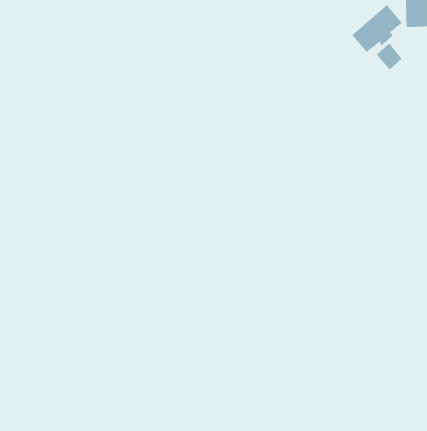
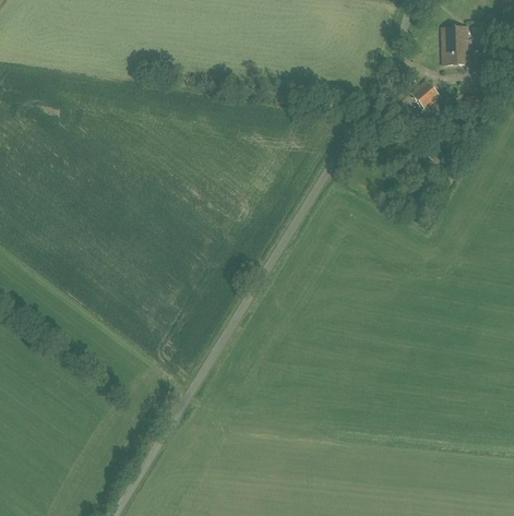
building: [352,4,403,53] -> none

